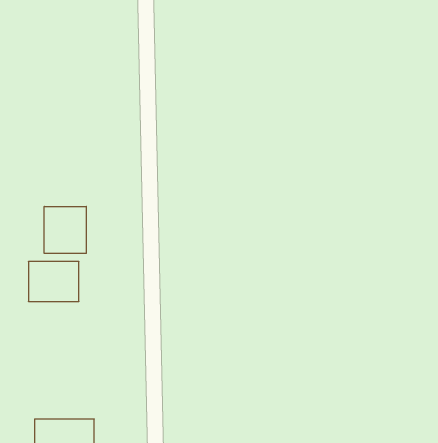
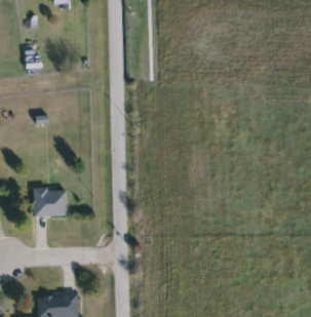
building: [44,206,86,253] -> none

